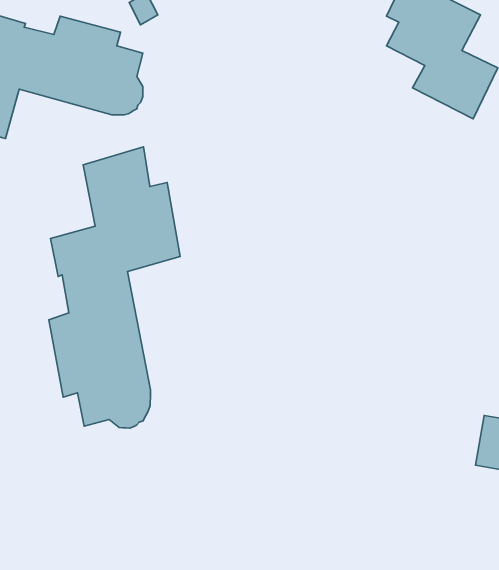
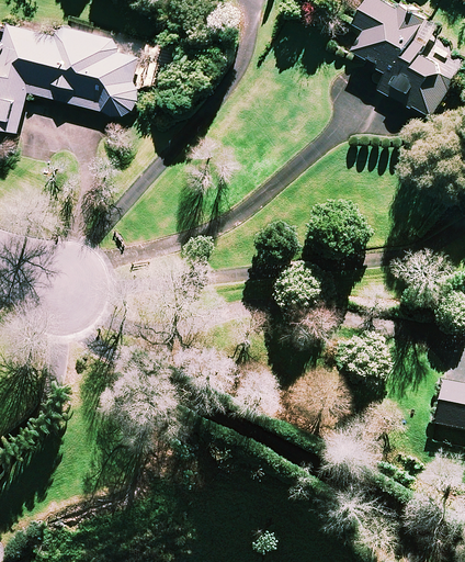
building: [49,147,180,428] -> none

